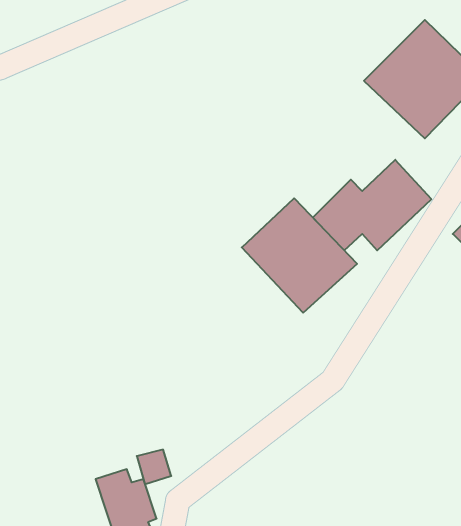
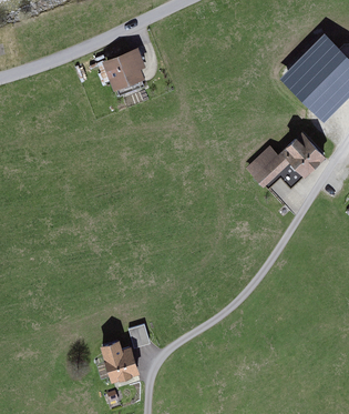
building: none -> [102,48,145,90]
building: [242,198,357,313] -> none

